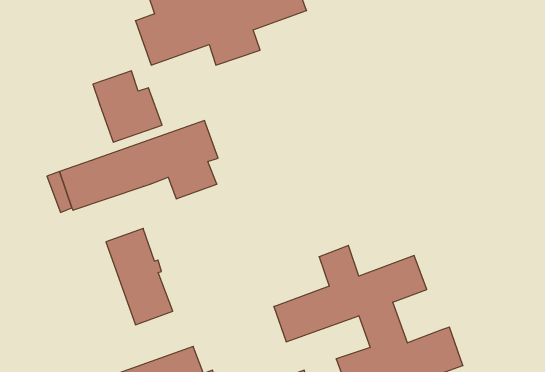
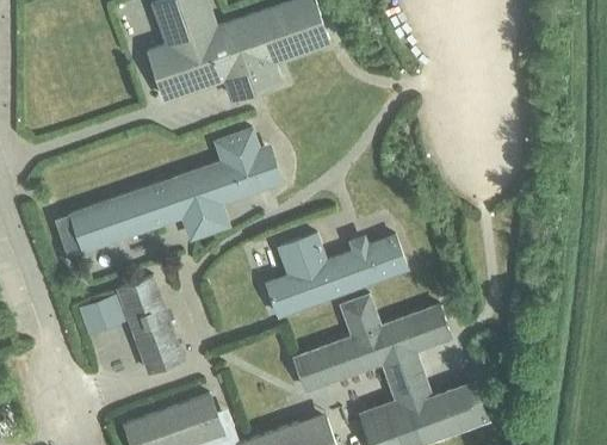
building: [93,71,162,142] -> [212,124,285,199]
building: none -> [266,233,409,315]
building: none -> [79,293,126,335]

